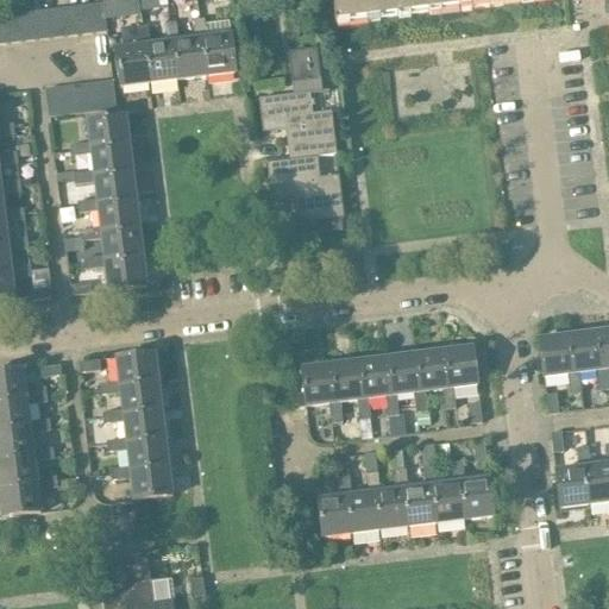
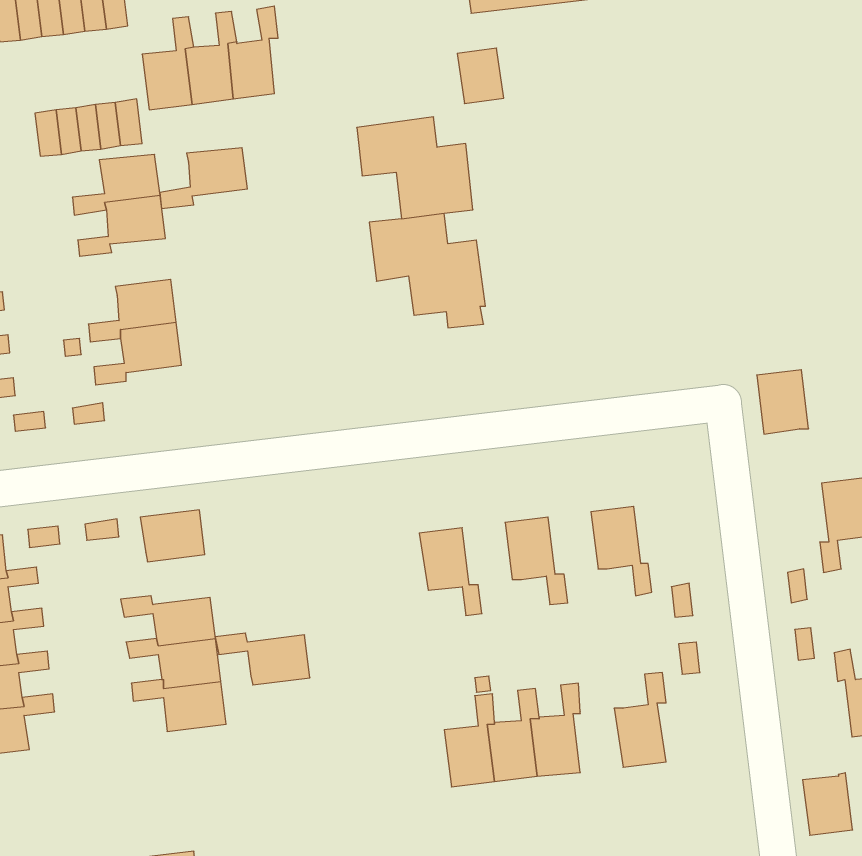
building: [201,32,234,73] -> none
building: [290,44,321,81] -> [457,48,504,104]
building: [77,169,136,209] -> [160,148,247,208]
building: [106,253,146,287] -> none
building: [539,332,573,375] -> [757,370,809,434]
building: [444,344,478,385] -> none
building: [387,351,428,410] -> none
building: [329,358,371,416] -> none
building: [99,378,162,413] -> [215,633,310,685]
building: [403,462,437,525] -> none
building: [555,463,589,504] -> [803,773,853,835]
building: [459,475,494,517] -> none

